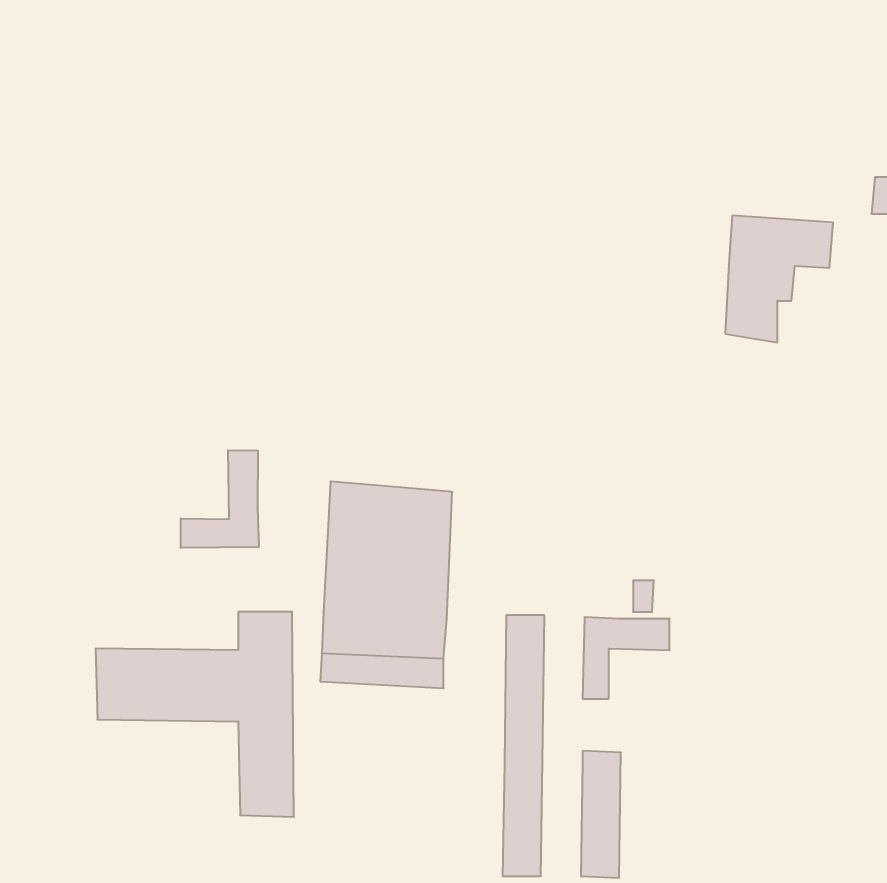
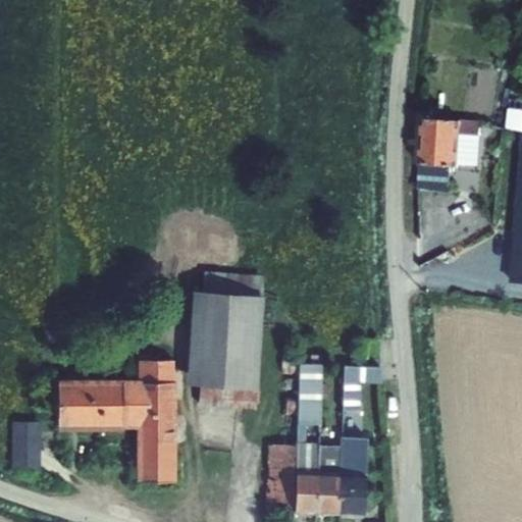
building: [181,450,259,548] -> none
building: none -> [14,420,41,468]
building: none -> [318,447,343,514]
building: none -> [269,448,297,514]

